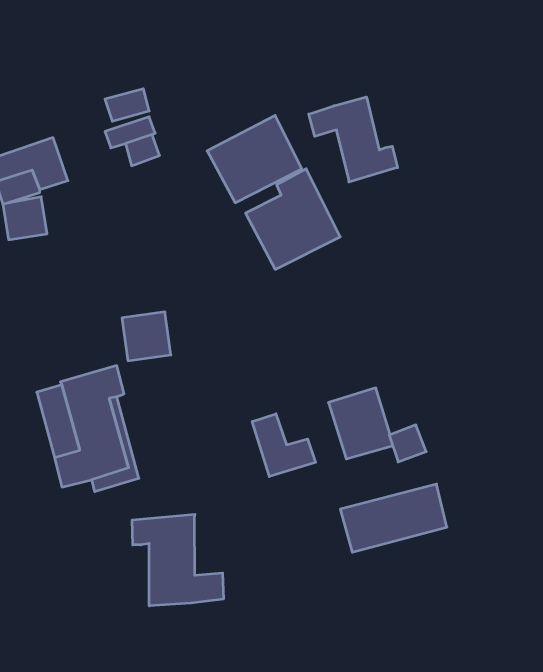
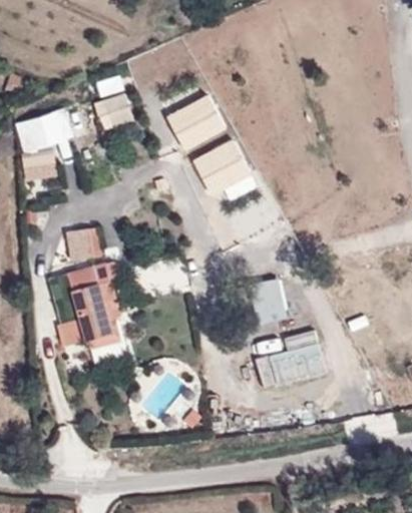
building: [309,97,398,182] -> none
building: [122,312,171,361] -> [66,227,99,261]
building: [252,414,316,477] -> none
building: [132,514,223,606] -> none

